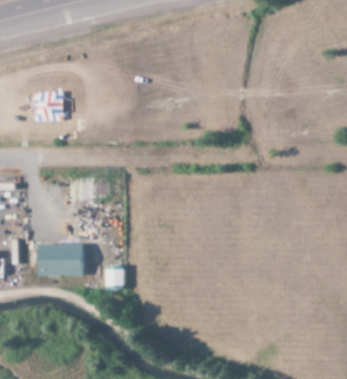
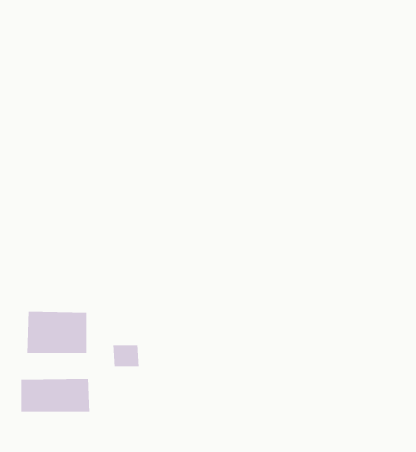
building: none -> [21,378,90,413]

